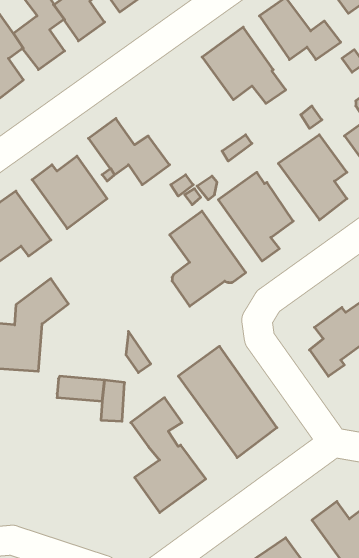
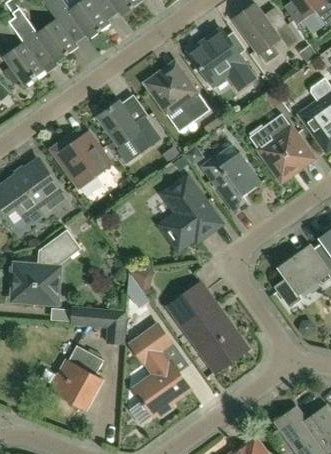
building: none -> [143,61,209,126]
building: none -> [48,345,103,409]

